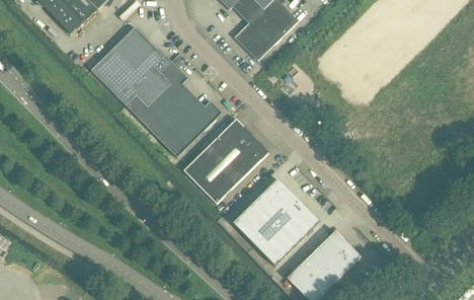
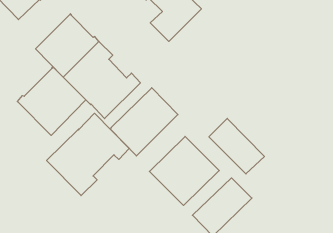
building: none -> [17,67,86,135]
building: none -> [47,113,129,196]
building: none -> [209,118,264,174]

